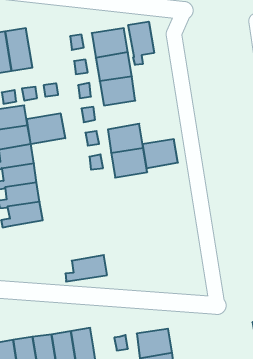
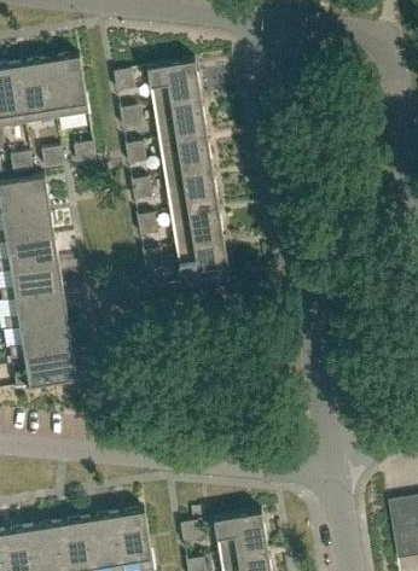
building: [128,22,154,65] -> none
building: none -> [47,54,88,118]
building: [27,113,65,144] -> none
building: [143,139,178,168] -> [164,168,217,211]
building: [65,255,107,282] -> [14,348,77,388]

